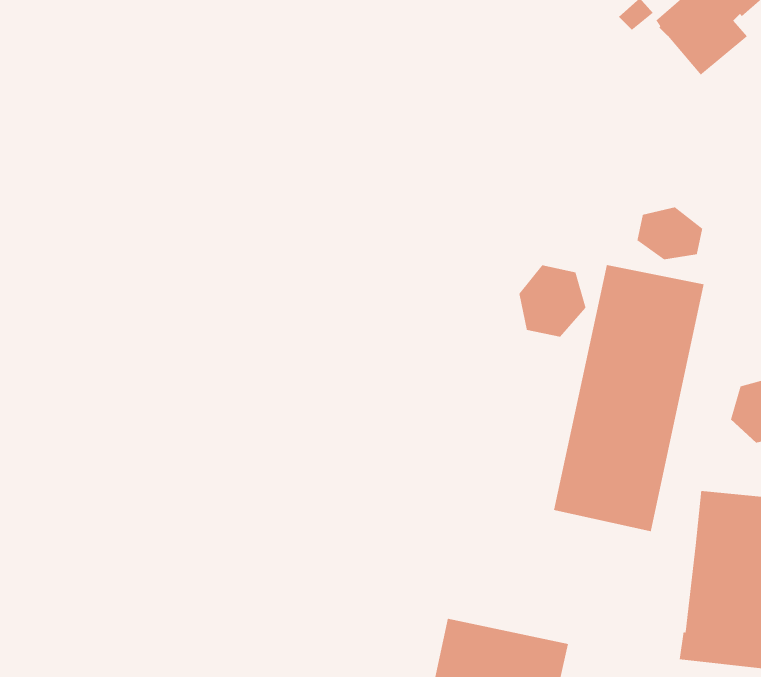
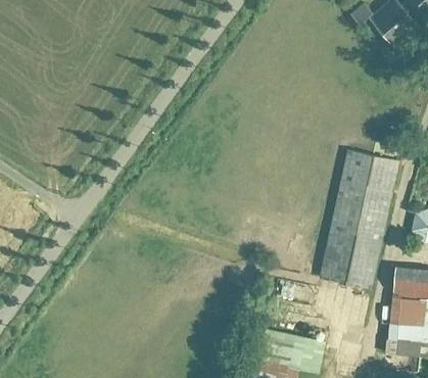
building: [637,207,703,260] -> none
building: [519,265,586,338] -> none

